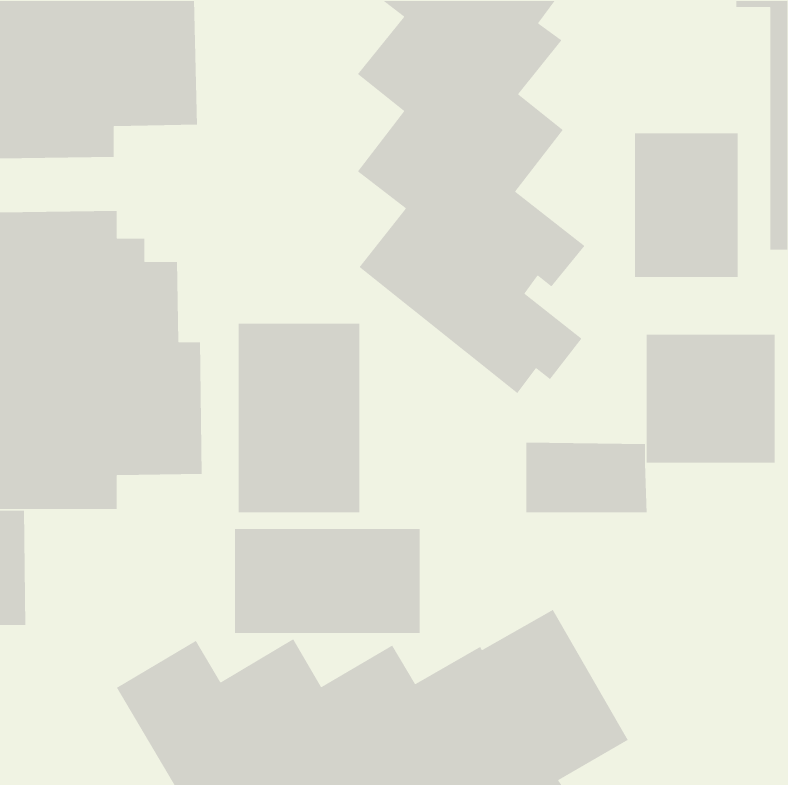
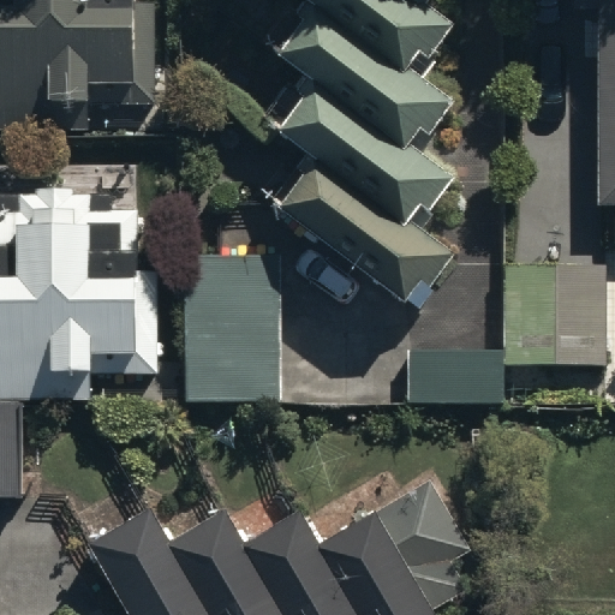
building: [634,132,739,278] -> none
building: [234,528,420,634] -> none

